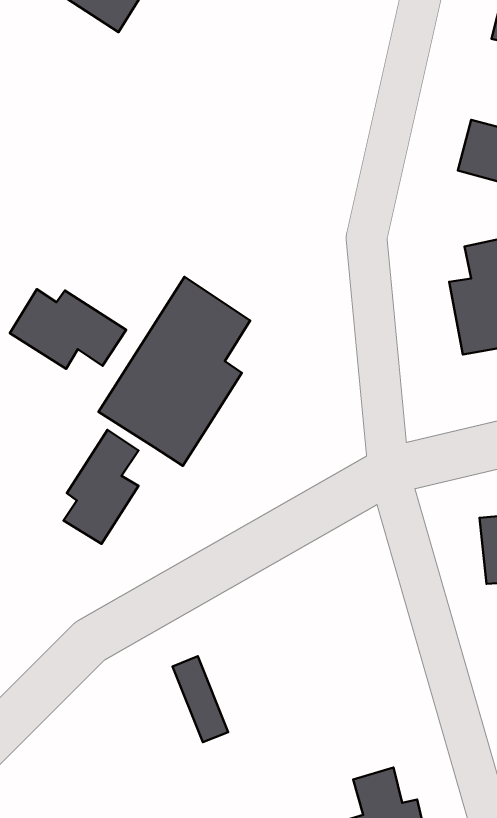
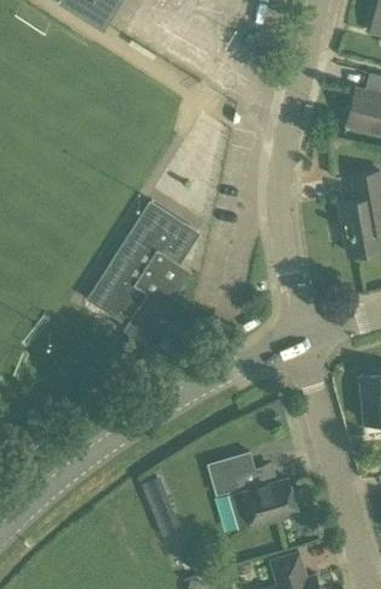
building: [10,289,126,369] -> none
building: [64,430,139,544] -> none
building: none -> [208,452,297,524]

